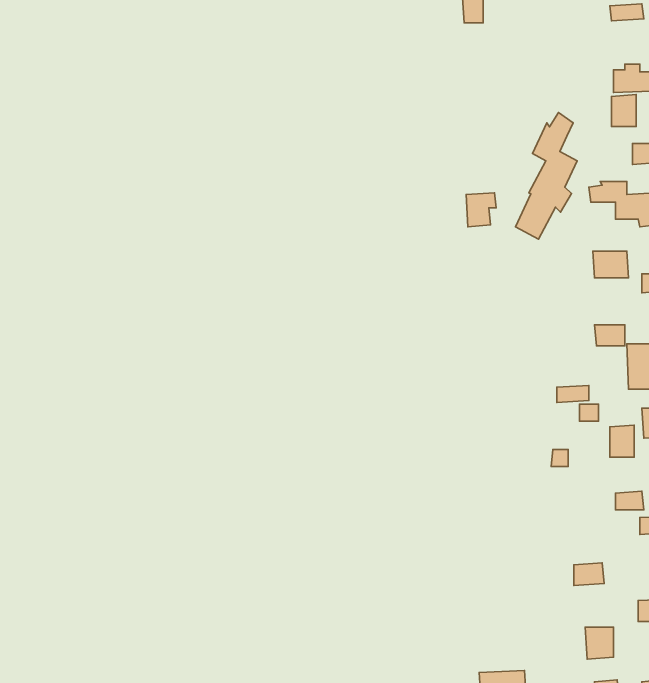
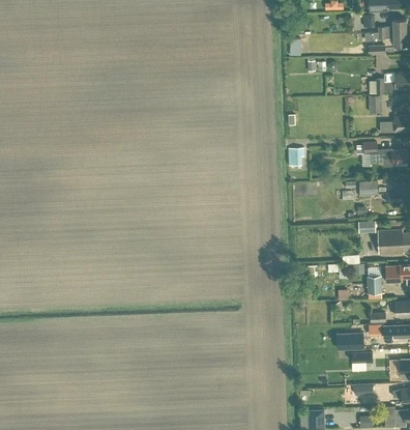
building: [515,113,577,239] -> none
building: none -> [336,332,363,348]

